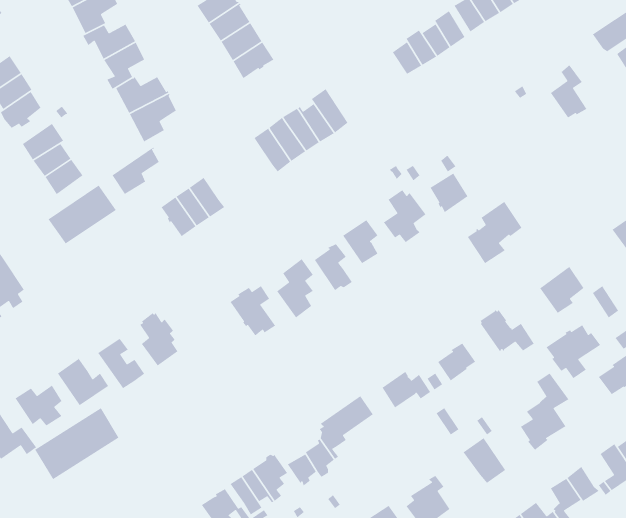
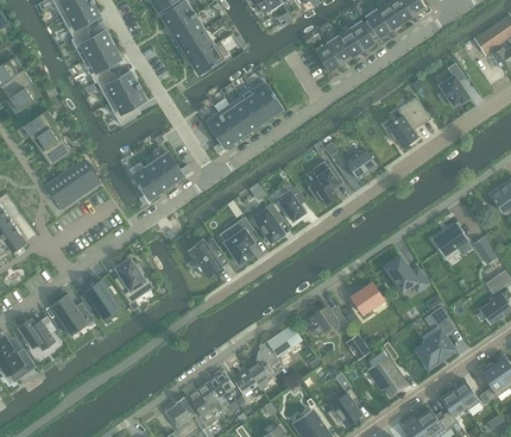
building: [111,147,160,197] -> none
building: [467,201,523,264] -> [386,98,430,148]
building: [546,324,601,379] -> none
building: [34,407,120,480] -> none

